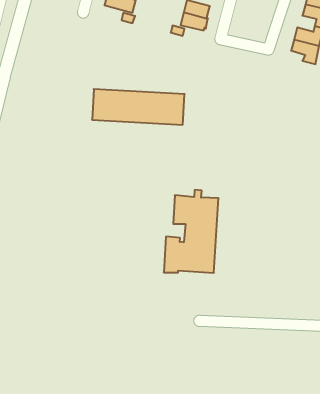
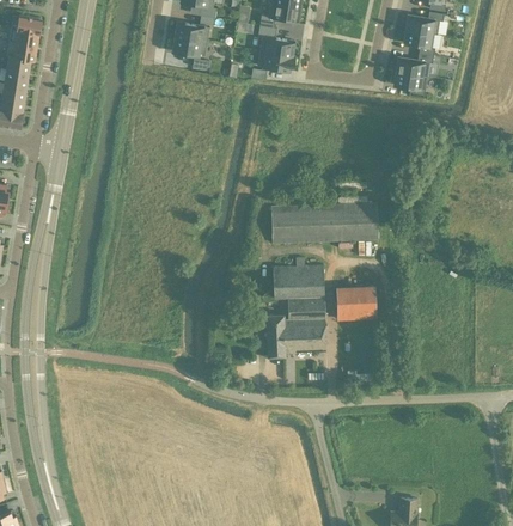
building: [92,89,185,125] -> [270,203,378,243]
building: none -> [336,289,375,310]

